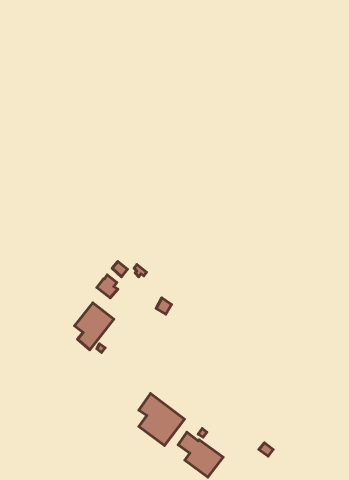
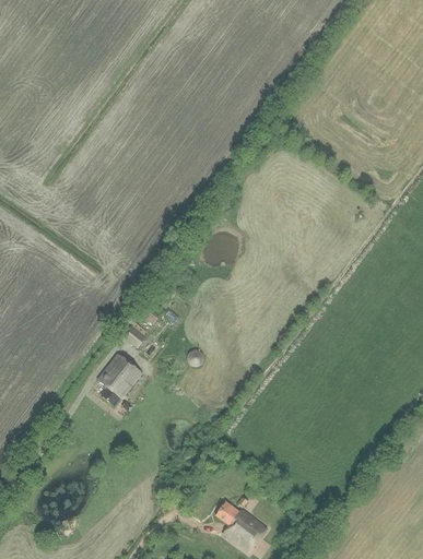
building: [139,394,185,446] -> none

